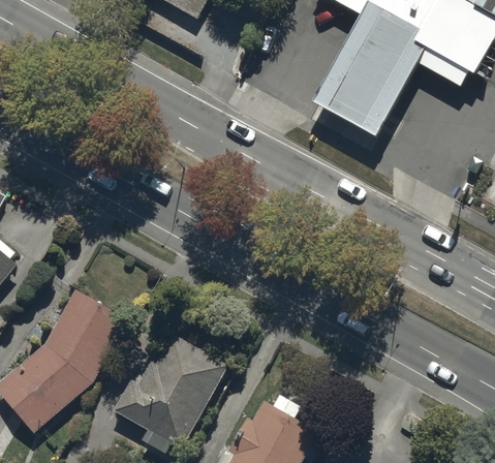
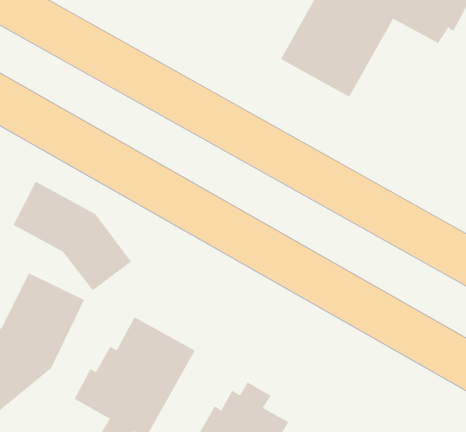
building: none -> [13,181,132,291]

